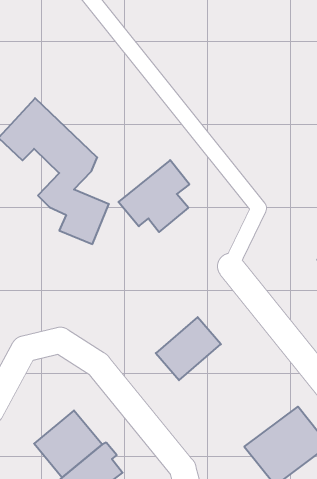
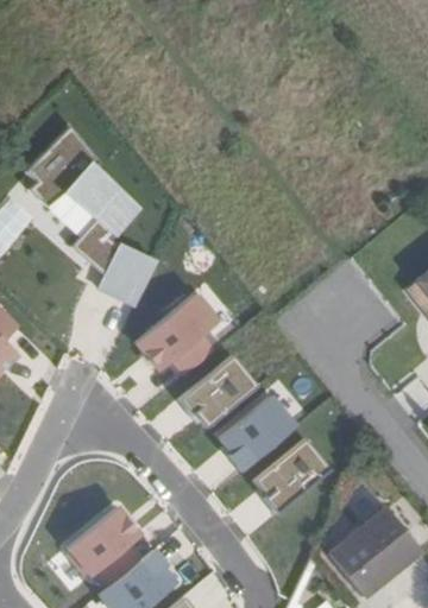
building: [118,160,189,232] -> [133,292,220,380]
building: none -> [178,360,257,433]
building: none -> [248,437,332,515]

